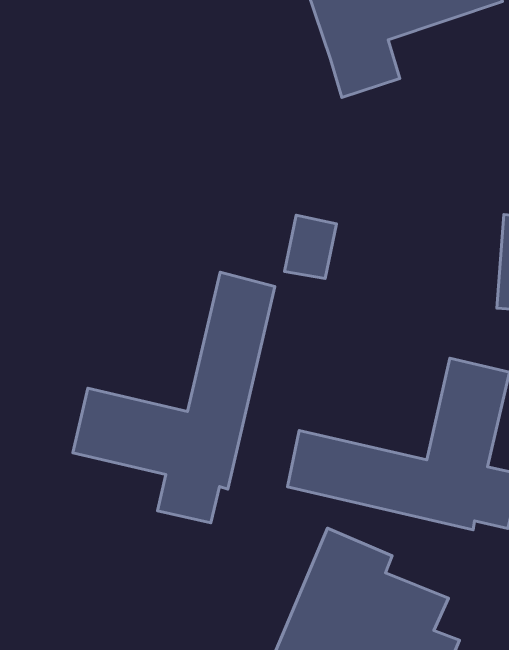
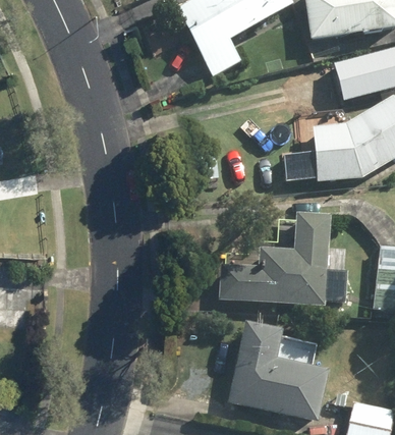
building: [73,272,275,523] -> none

